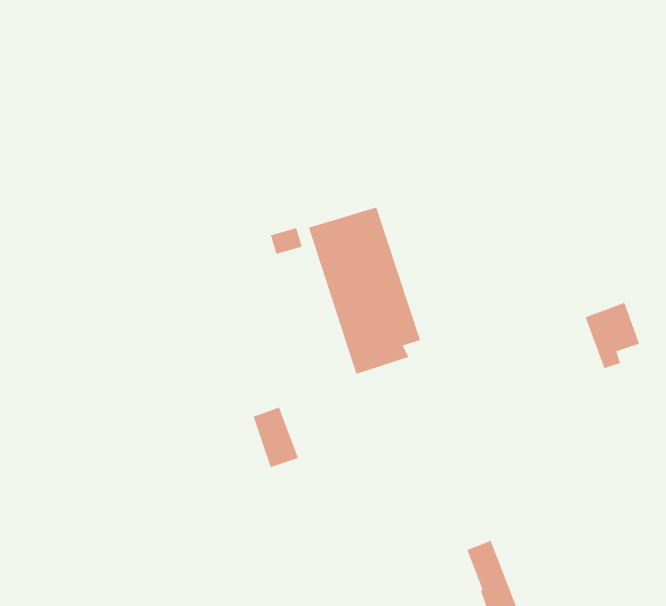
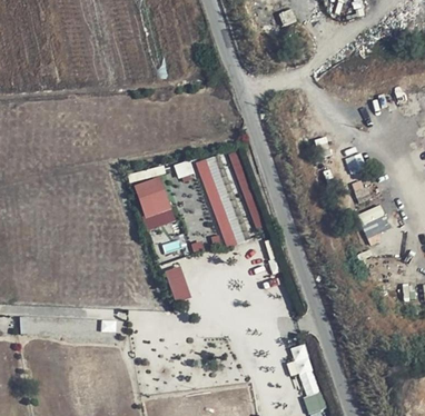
building: none -> [132,175,175,229]

